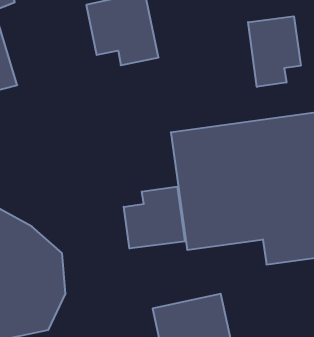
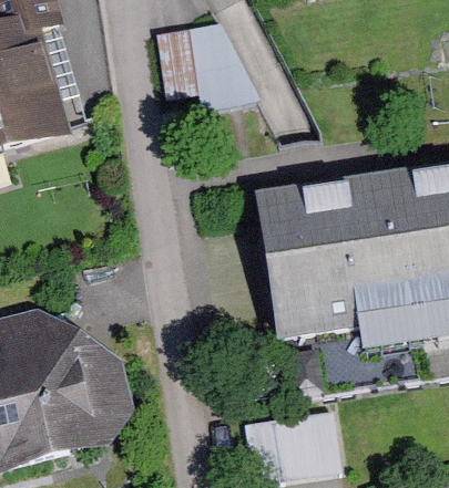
building: [248,16,301,87] -> none
building: [124,187,185,249] -> none

